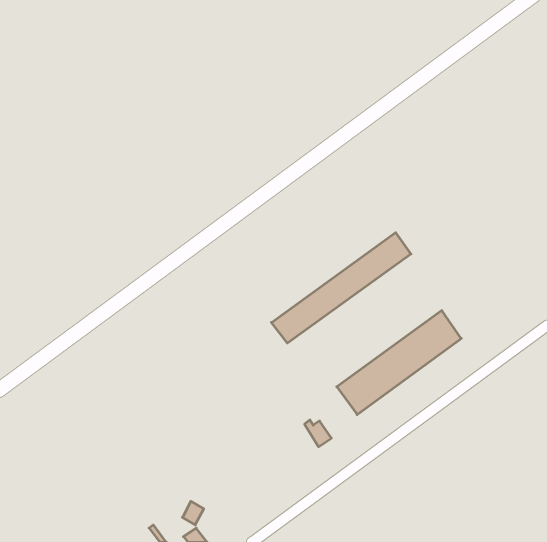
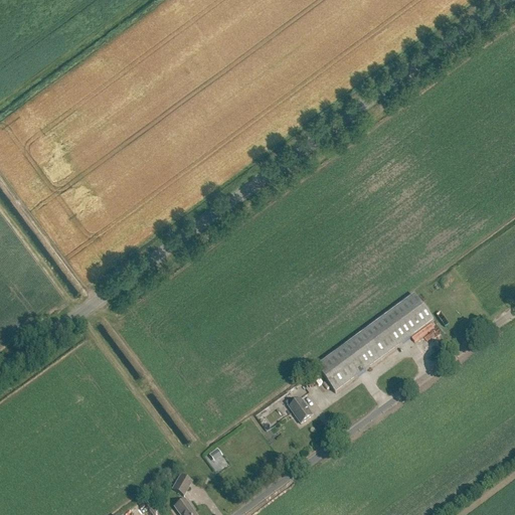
building: [271,233,411,343] -> none

